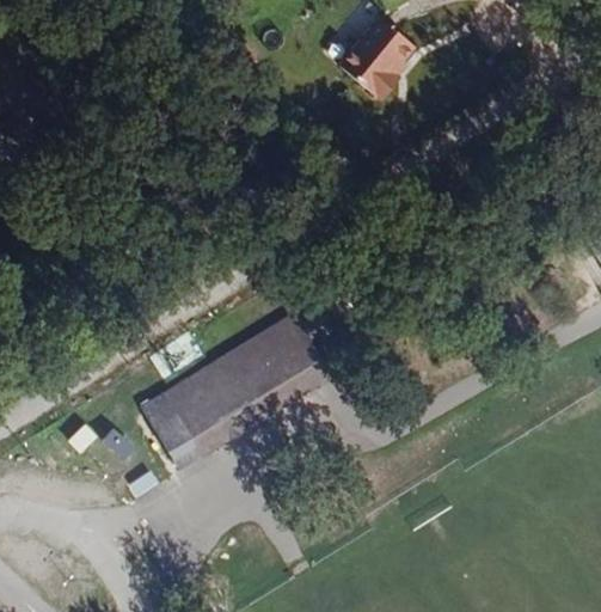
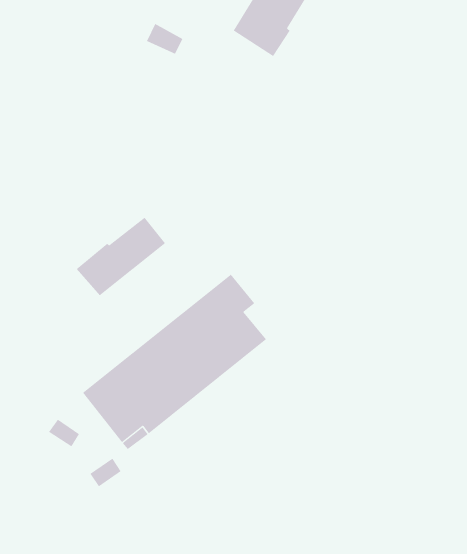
building: none -> [76,217,166,296]

